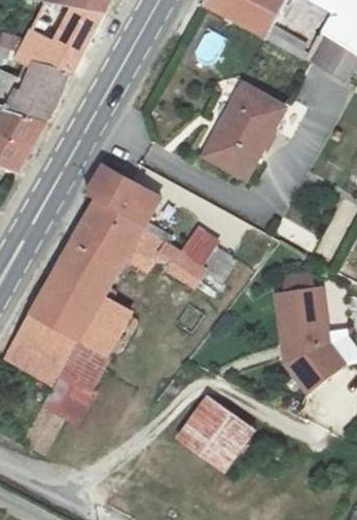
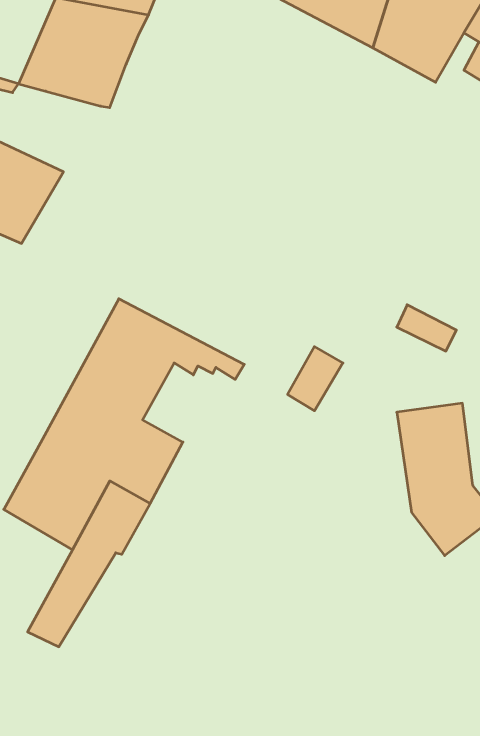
building: [9,68,72,124] -> none
building: [208,80,284,178] -> none
building: [84,163,216,284] -> none
building: [178,396,252,467] -> none

